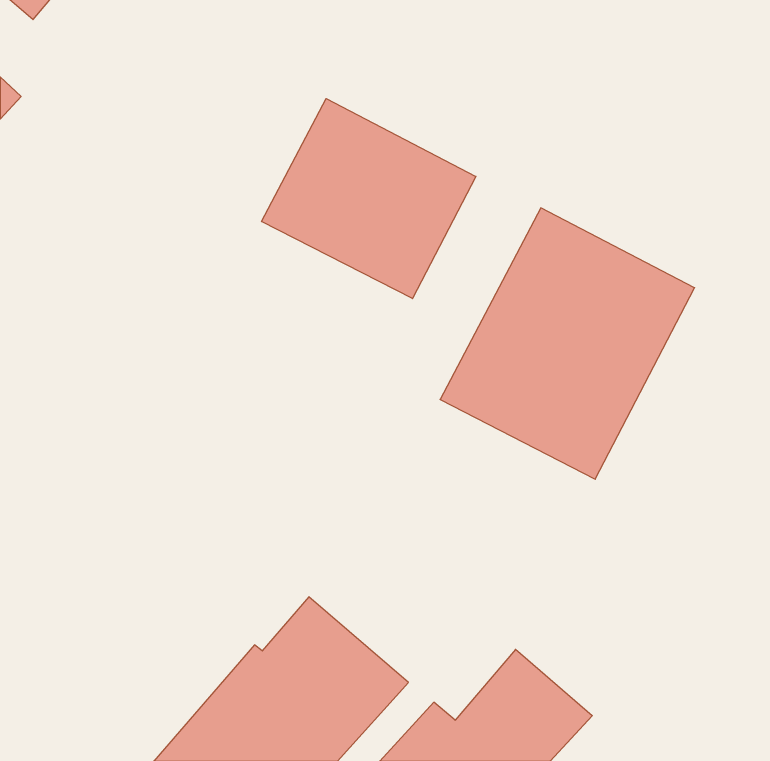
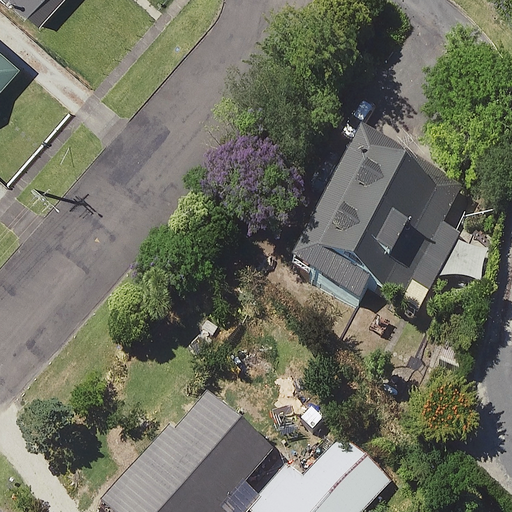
building: [262,99,476,299] -> none

